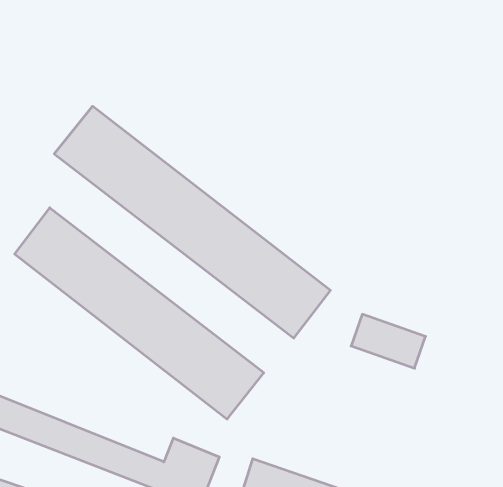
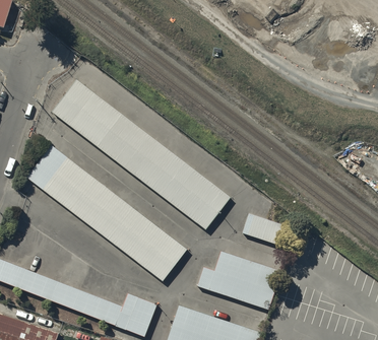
building: none -> [196,252,279,311]

